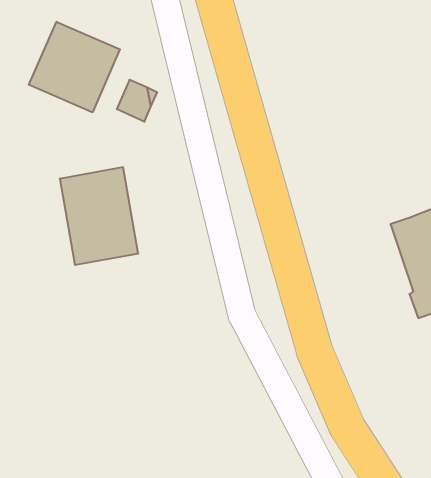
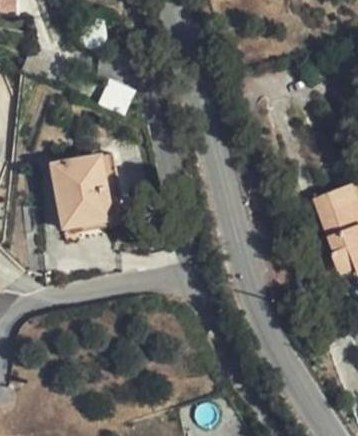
building: [29,22,120,112] -> none

